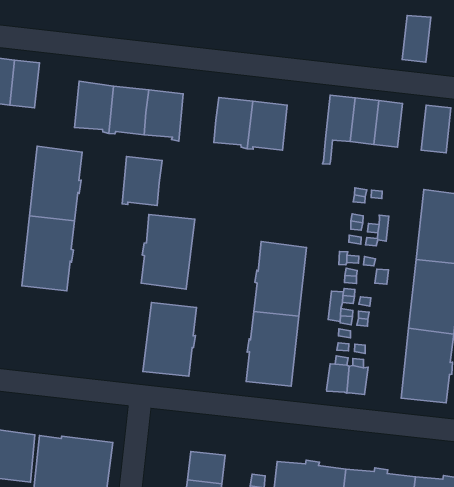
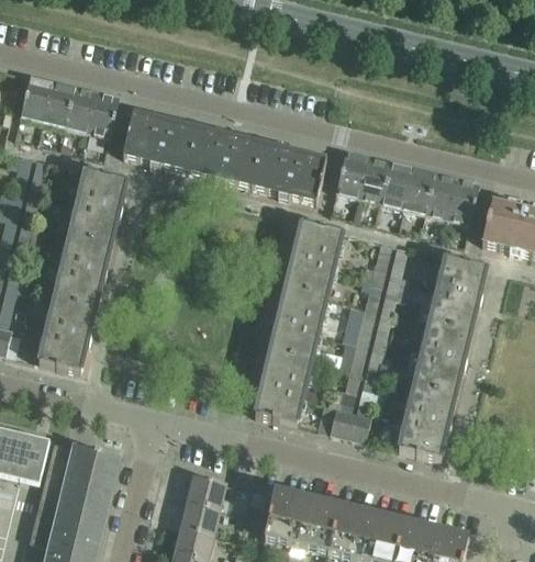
building: [402,16,431,62] -> [424,170,456,216]
building: none -> [87,89,119,136]
building: none -> [335,148,367,194]
building: [122,157,162,205] -> [219,135,261,184]
building: [141,214,195,289] -> [285,220,343,294]
building: [143,303,196,376] -> [37,296,96,370]

